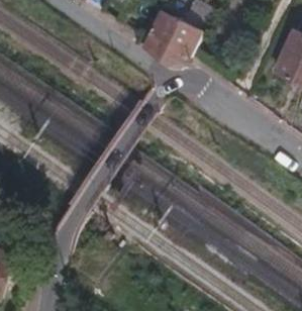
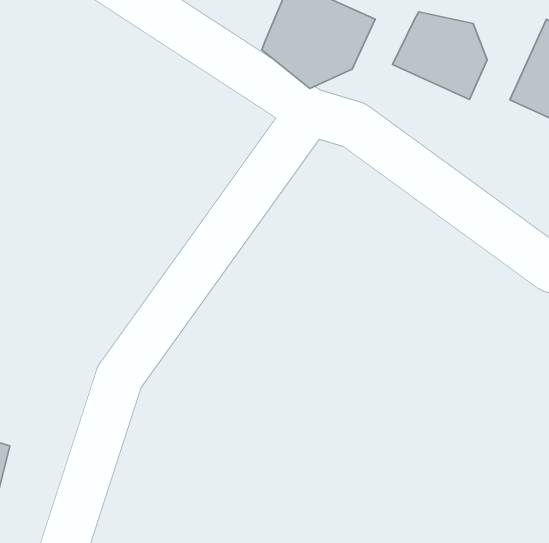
building: none -> [392,12,487,99]

